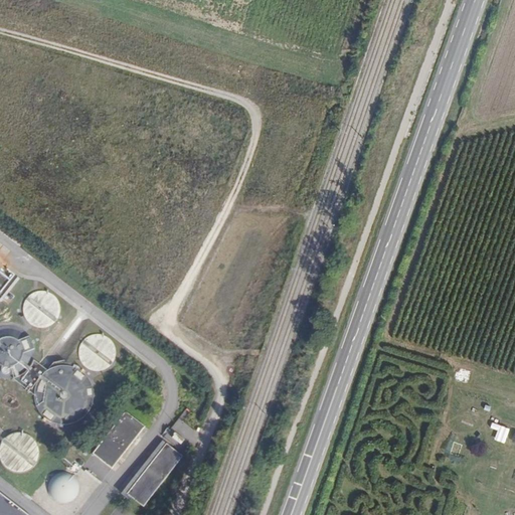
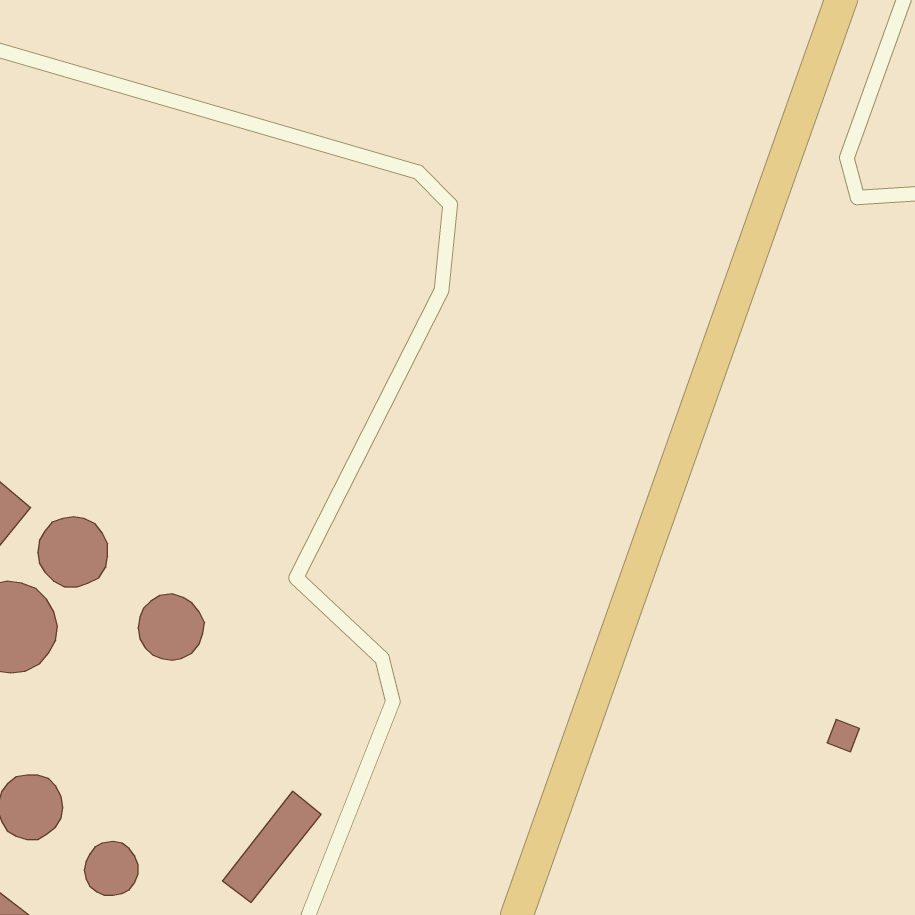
building: [34,365,92,421] -> none
building: [92,411,143,468] -> none

